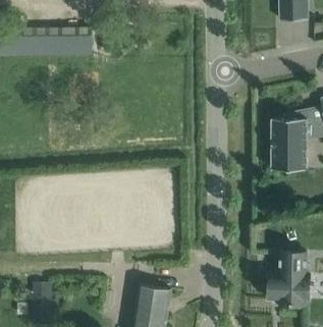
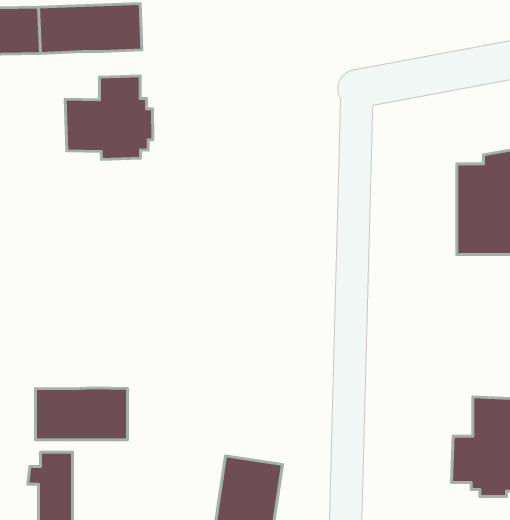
building: none -> [65,76,153,160]
building: none -> [35,388,128,440]

